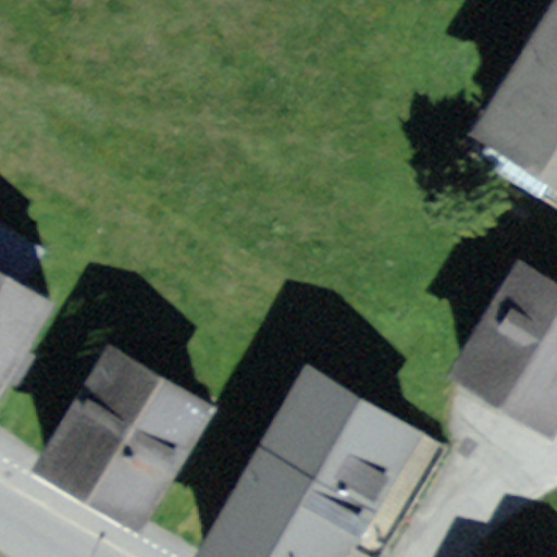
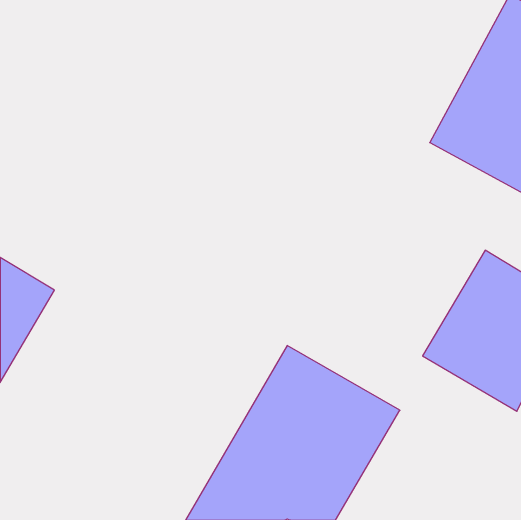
building: [28,343,220,539] -> none

